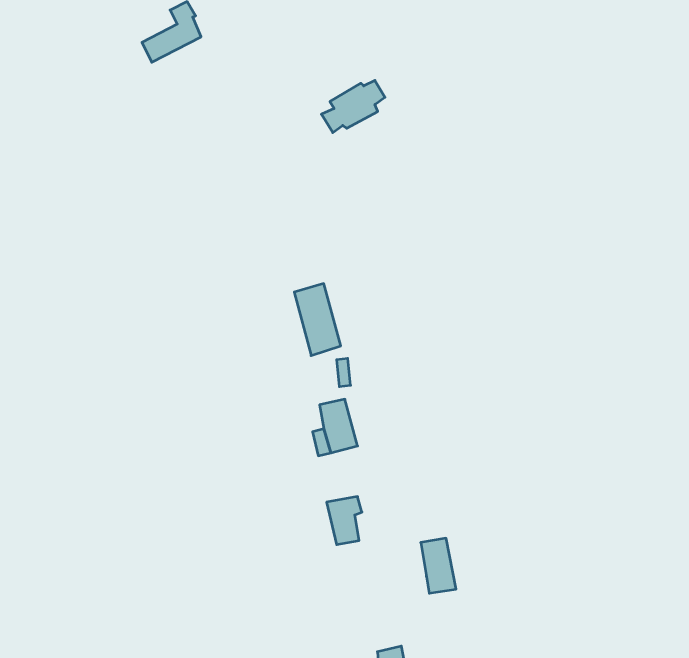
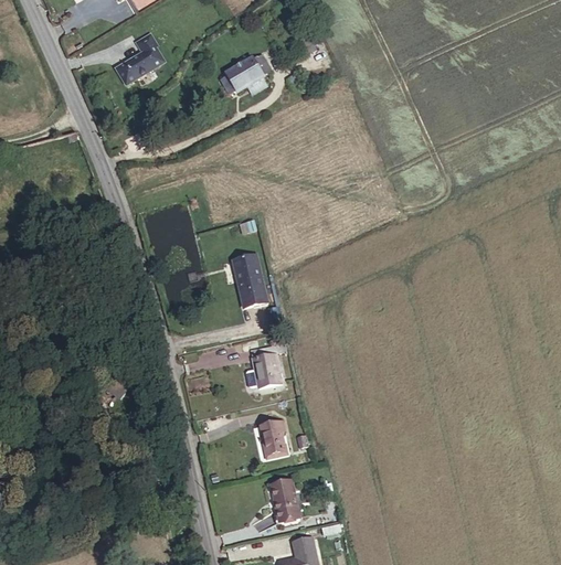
building: [321,80,385,133] -> [220,57,269,98]
building: [421,538,456,593] -> [271,479,298,522]

